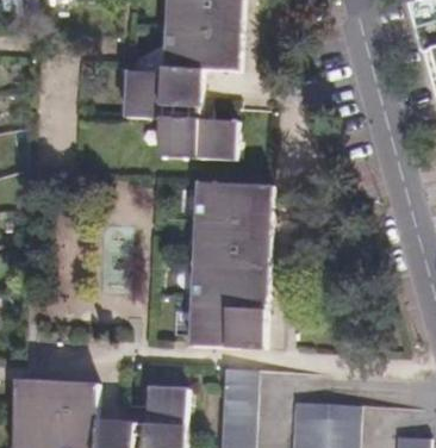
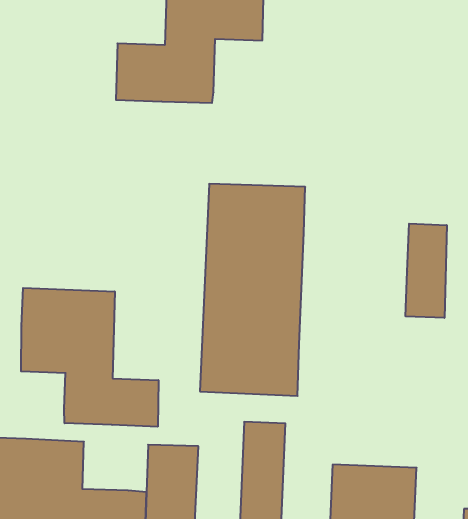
building: [160,116,237,157] -> none
building: none -> [406,224,447,318]
building: none -> [21,288,158,427]

